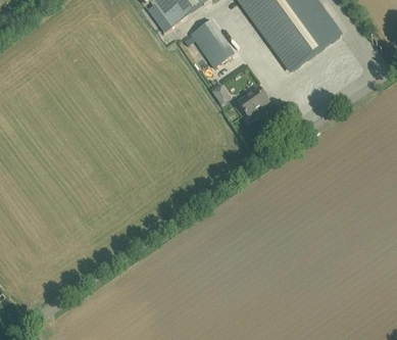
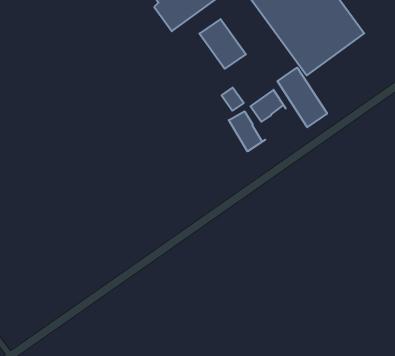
building: none -> [277,68,327,127]
building: none -> [229,111,265,151]

